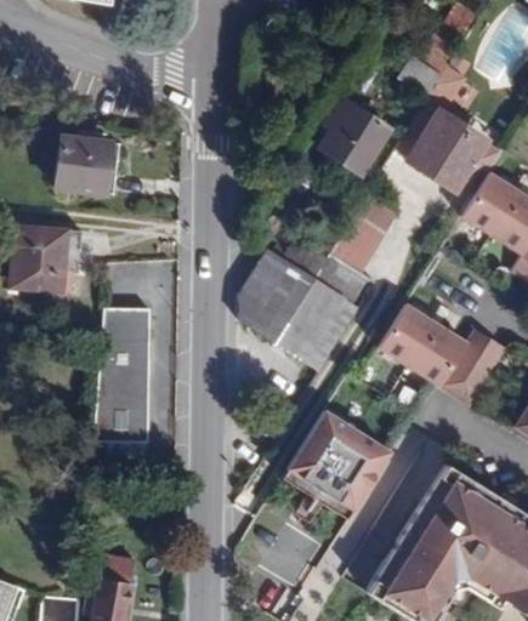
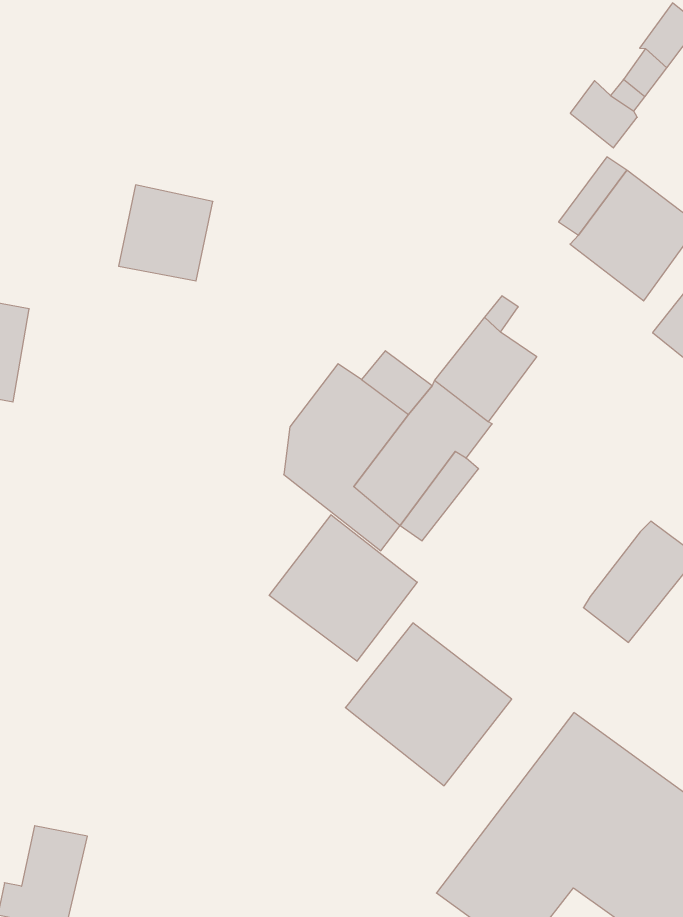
building: [320,102,391,178] -> none
building: [57,141,113,198] -> [119,185,213,281]
building: [381,303,469,384] -> none
building: [90,313,151,448] -> none
building: none -> [269,515,417,661]

